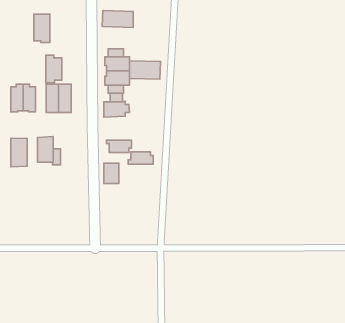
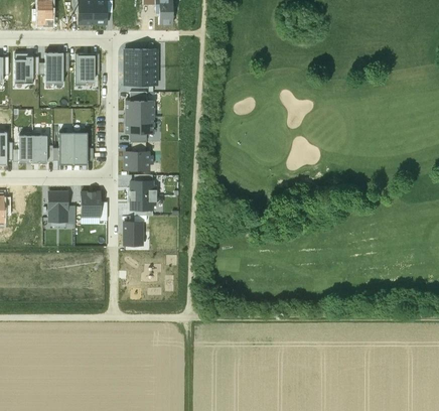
building: none -> [15,52,33,84]
building: [46,55,62,83] -> [76,53,94,85]
building: [130,61,161,79] -> [123,66,158,88]
building: none -> [82,192,101,216]
building: [11,138,27,167] -> none
building: [128,152,153,164] -> [128,181,156,195]

